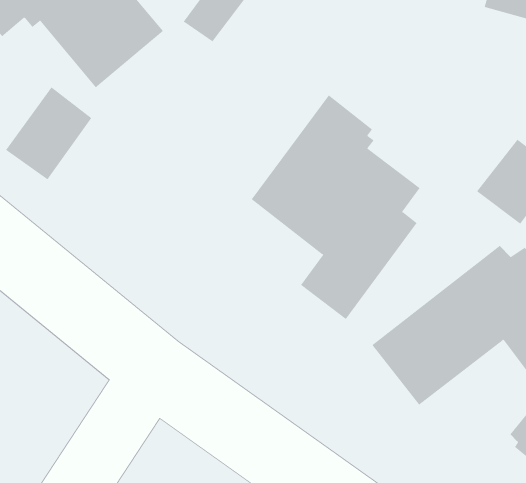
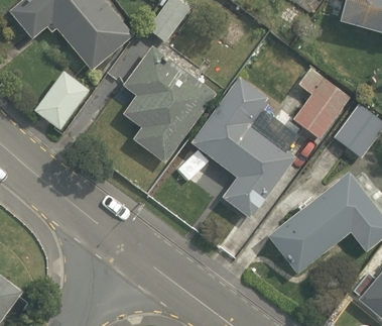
building: none -> [122,44,217,162]
building: none -> [293,77,351,139]

